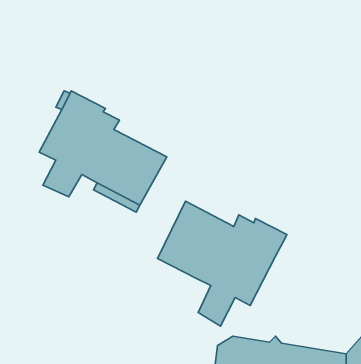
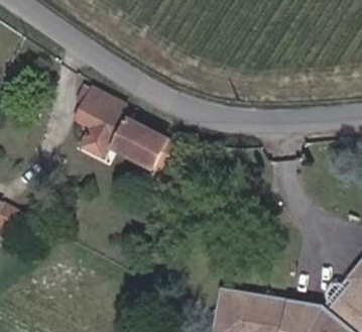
building: [157,201,287,326] -> none

